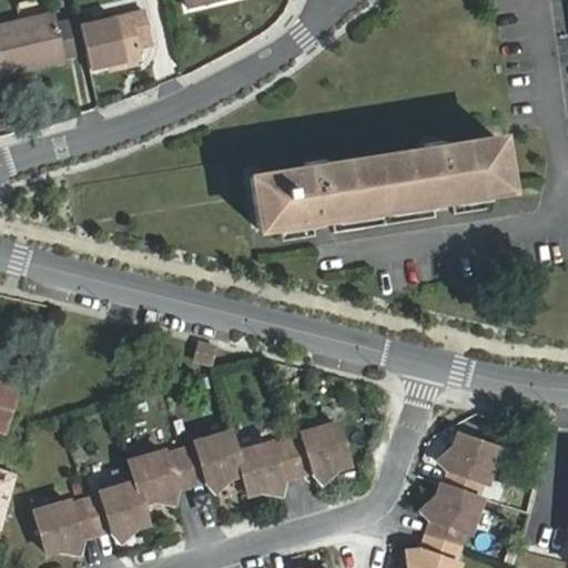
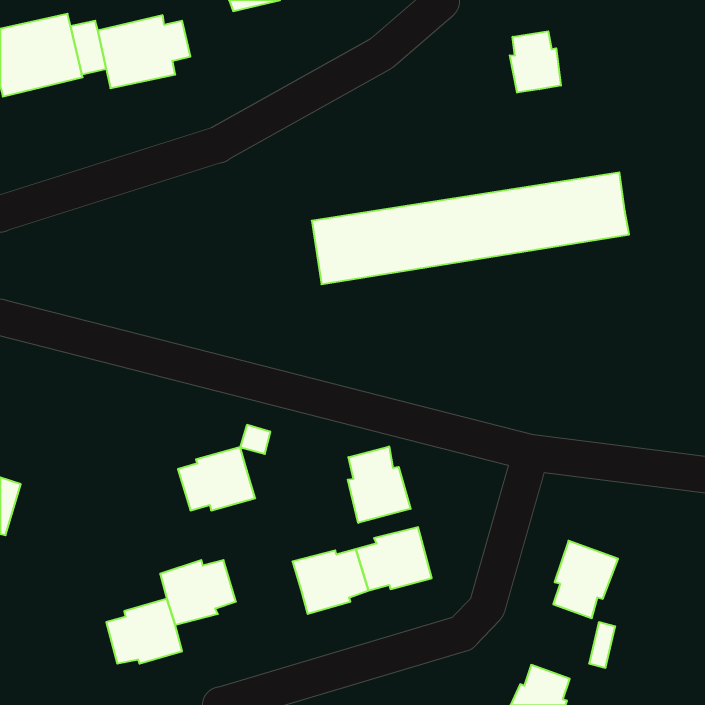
building: none -> [510,31,561,93]
building: none -> [348,446,411,523]
building: [180,433,242,484] -> [178,447,255,510]
building: [427,485,479,546] -> none
building: [34,500,94,552] -> none

